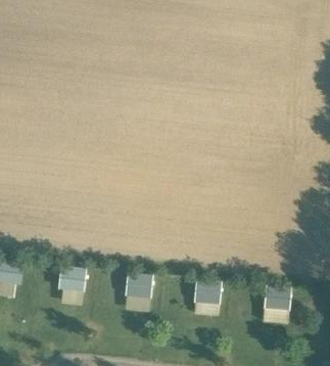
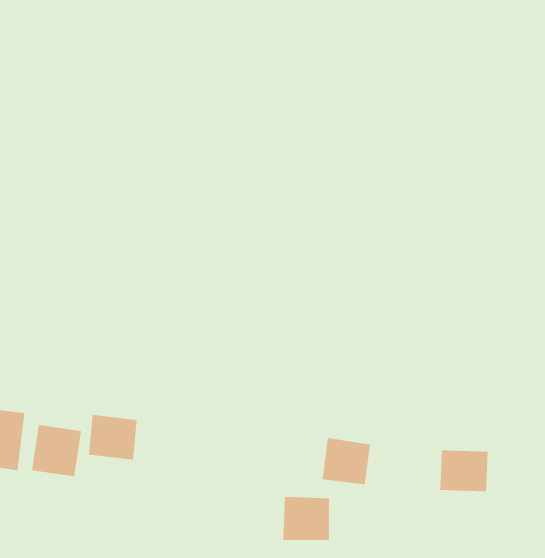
building: none -> [31,424,82,477]
building: [125,274,152,300] -> [282,496,330,540]

